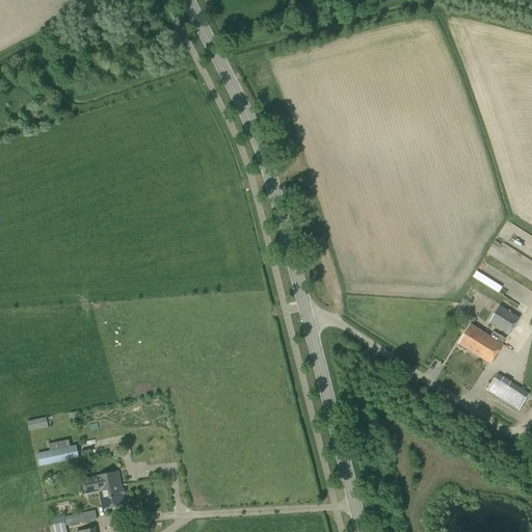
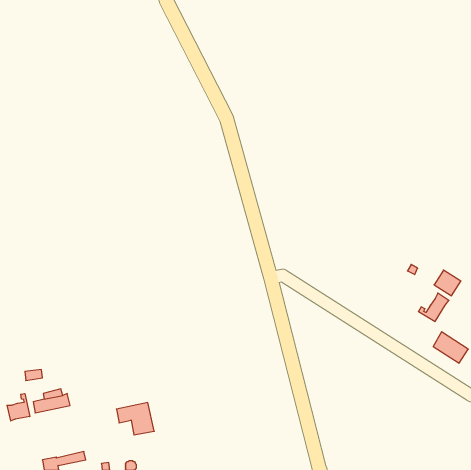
building: [459,324,490,352] -> none
building: none -> [7,394,30,421]
building: [83,471,126,507] -> [116,403,154,435]

